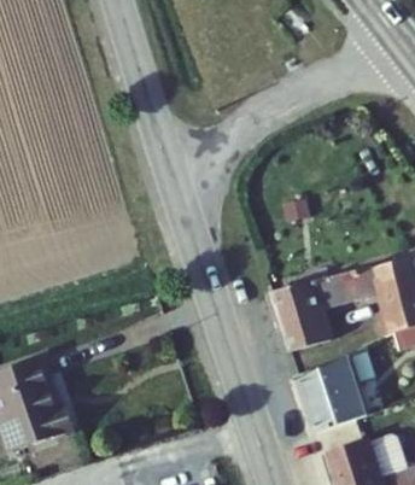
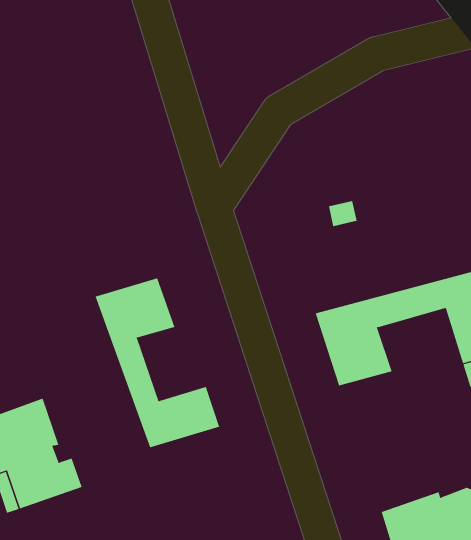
building: none -> [95,278,220,448]
building: [298,346,374,430] -> none

